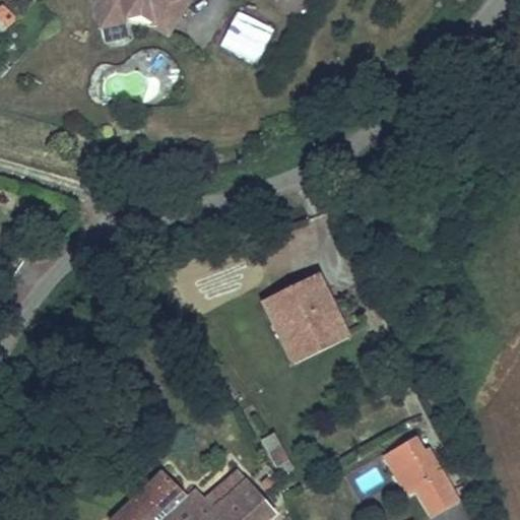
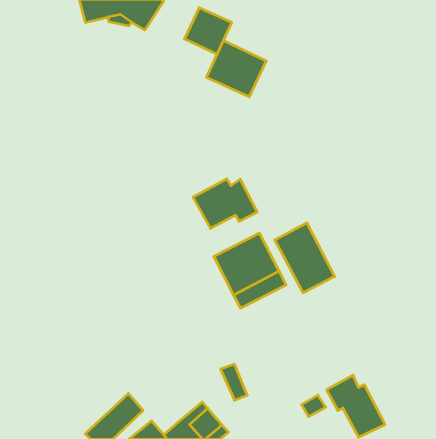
building: none -> [207,41,266,97]
building: none -> [193,179,257,229]
building: none -> [275,223,335,293]

